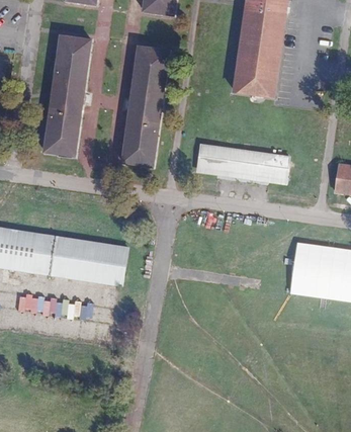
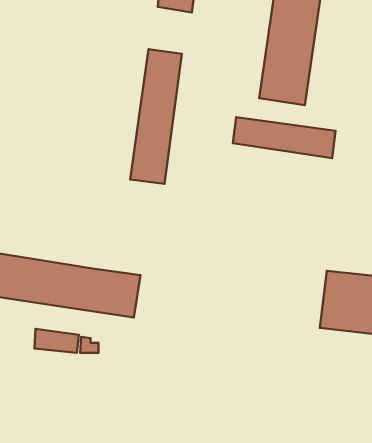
building: [43,35,90,156] -> none
building: [197,144,288,180] -> [233,117,336,158]

